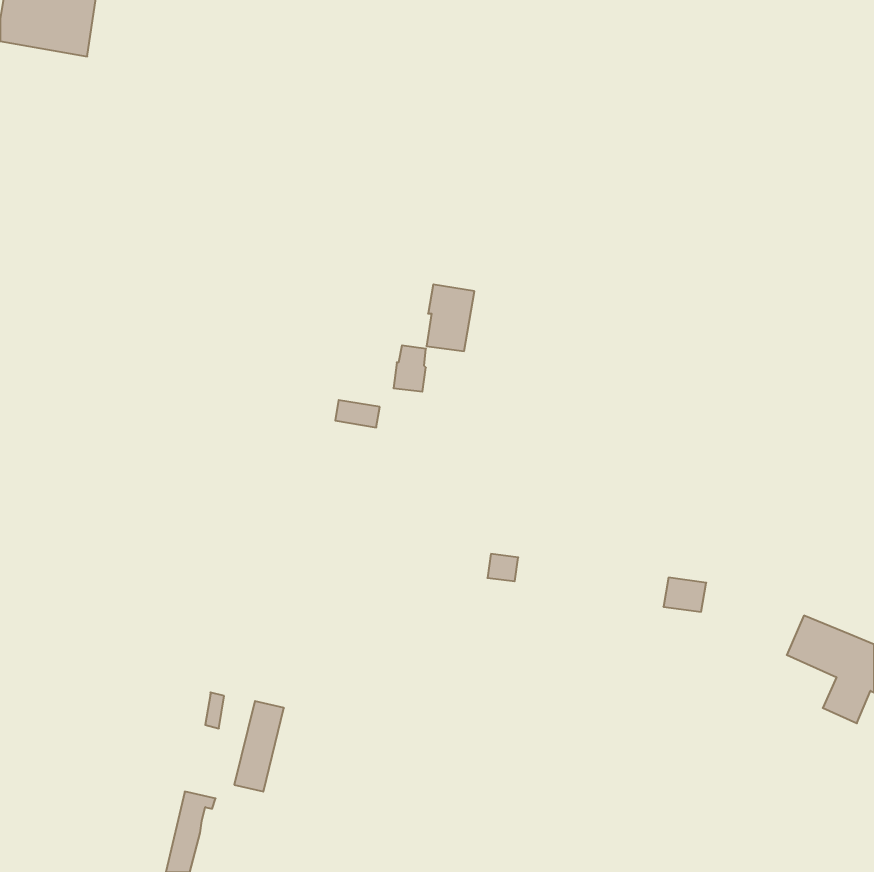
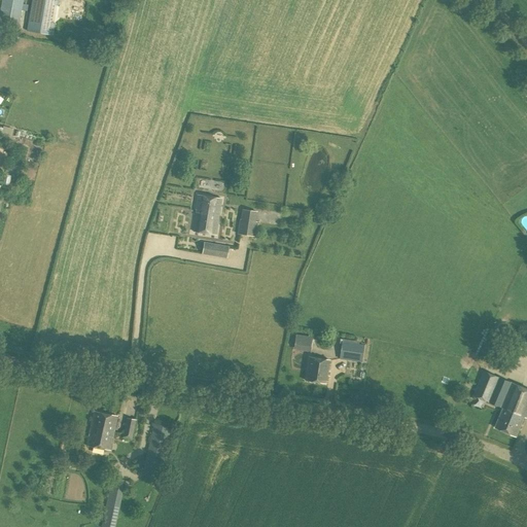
building: [426,284,474,351] -> [192,194,221,234]
building: [663,578,706,612] -> [339,341,364,361]
building: none -> [305,356,328,382]
building: none -> [86,411,117,449]

